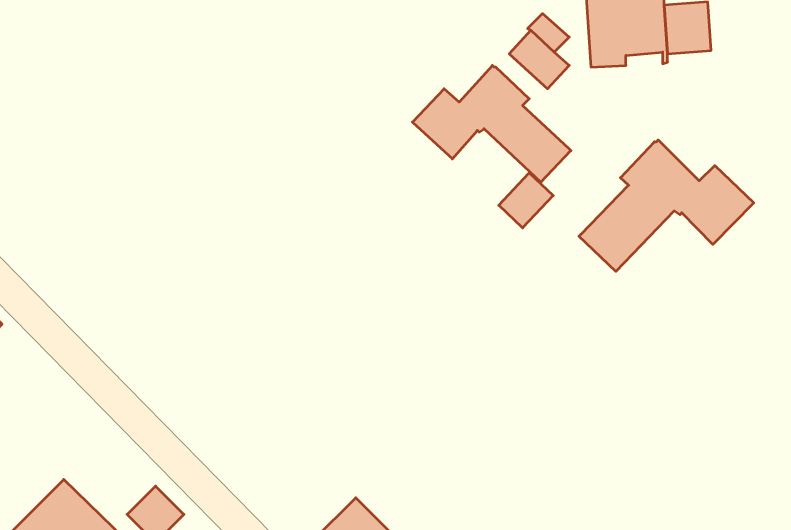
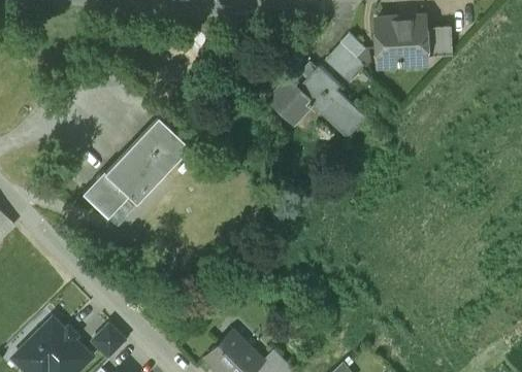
building: [579,140,754,271] -> none
building: none -> [84,117,191,218]
building: [499,173,553,228] -> none

